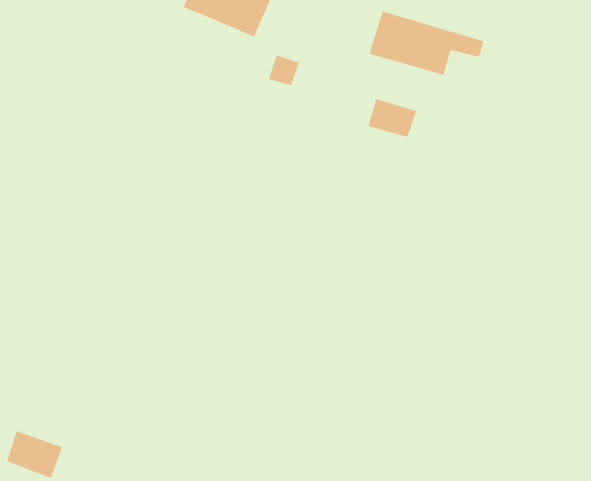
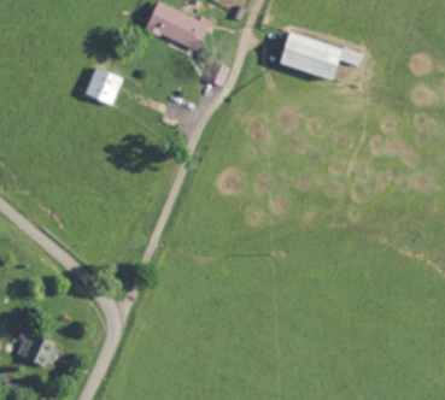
building: none -> [86,67,122,105]
building: [367,98,417,138] -> none

